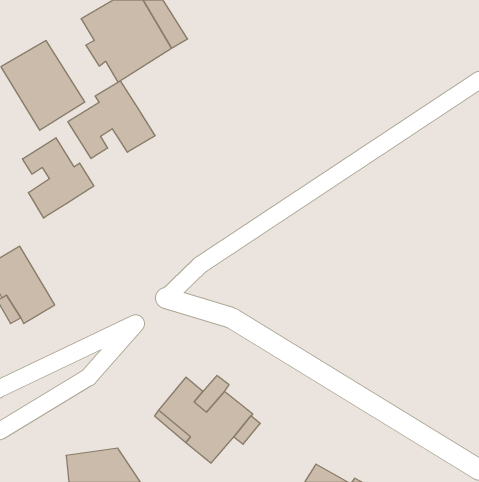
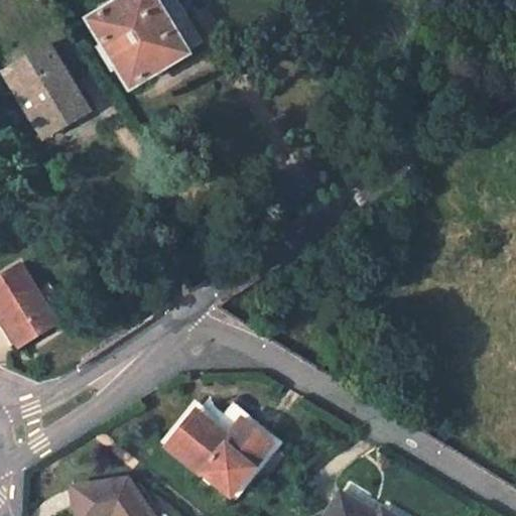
building: [68,81,155,159] -> none
building: [22,138,94,218] -> none

